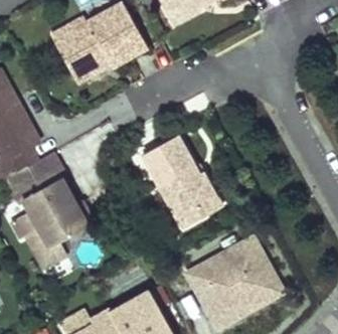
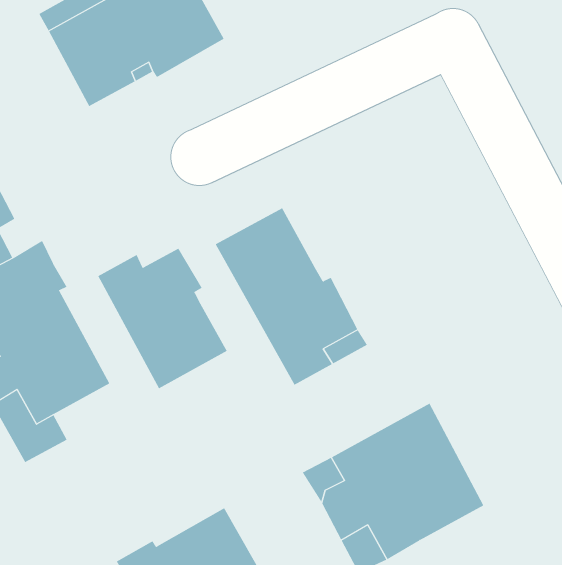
building: none -> [97,248,228,389]

